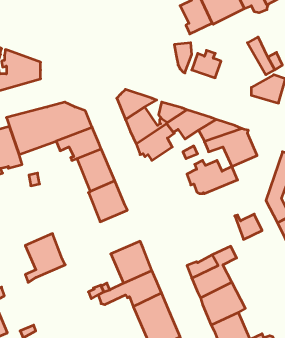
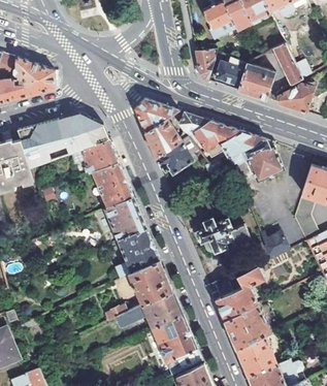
building: none -> [237,64,274,101]
building: [187,160,238,194] -> [195,218,249,253]
building: [25,234,65,282] -> [118,227,160,279]

